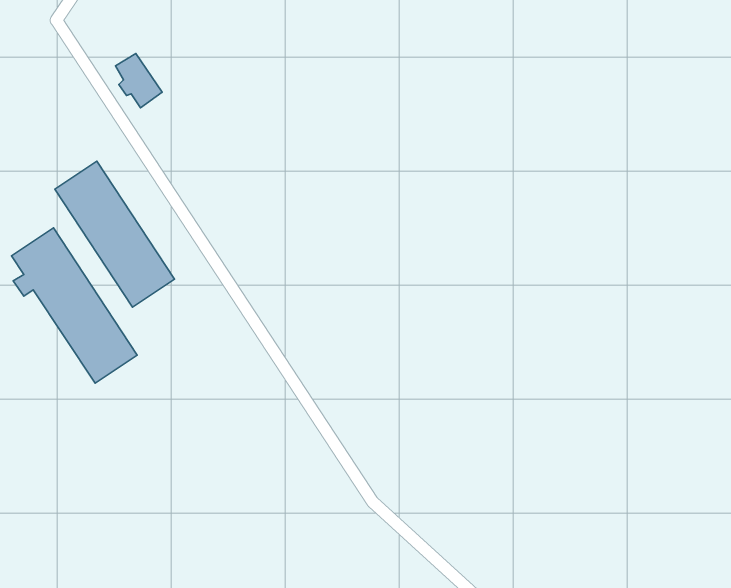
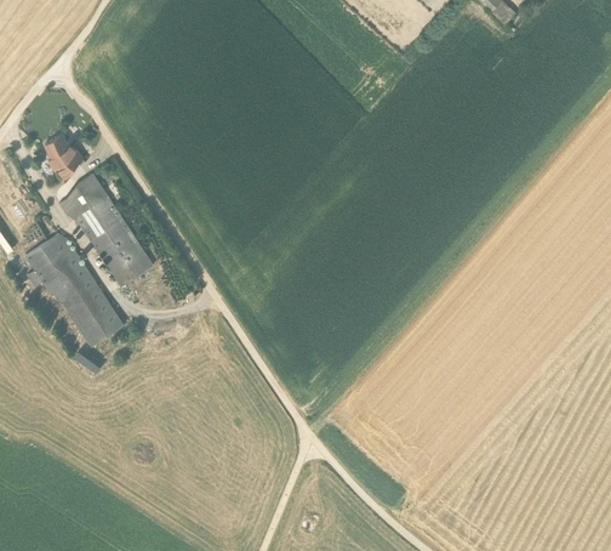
building: [116,53,162,108] -> [47,130,84,172]

